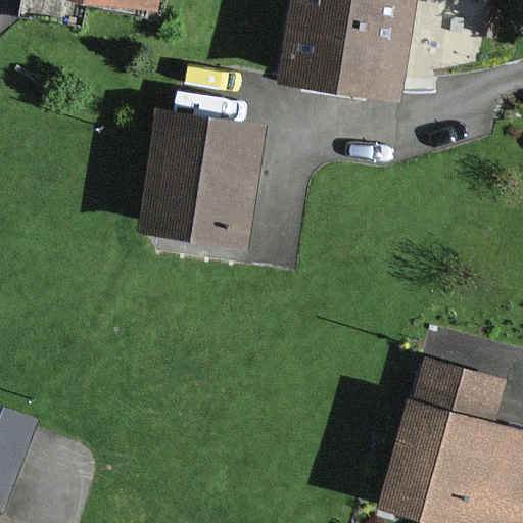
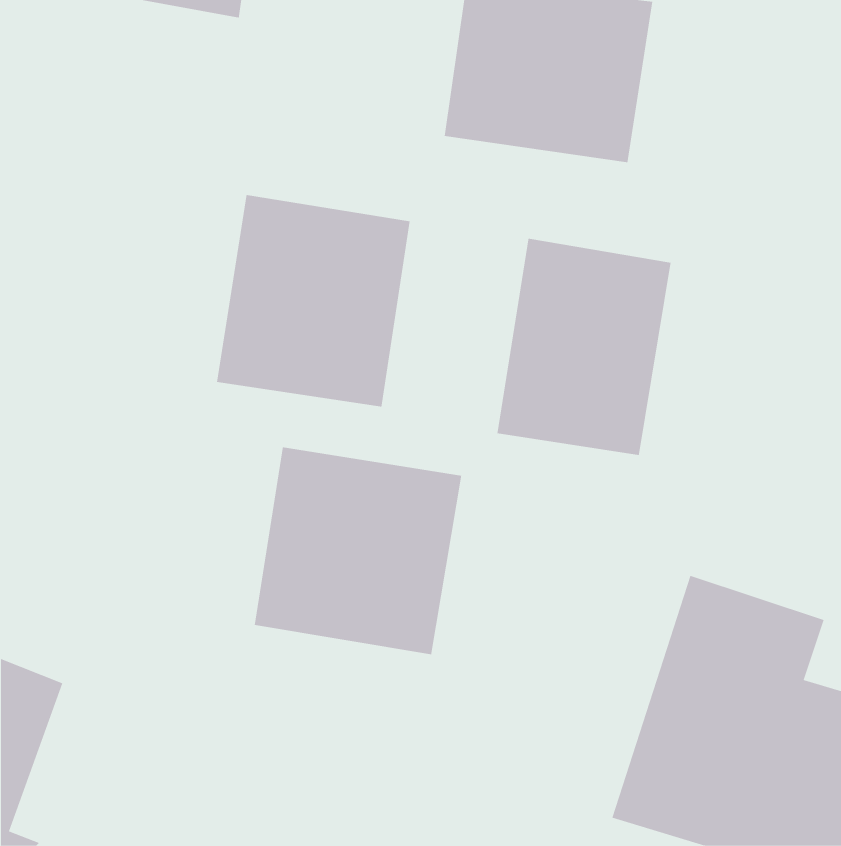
building: none -> [497,238,671,456]
building: none -> [254,446,462,655]

